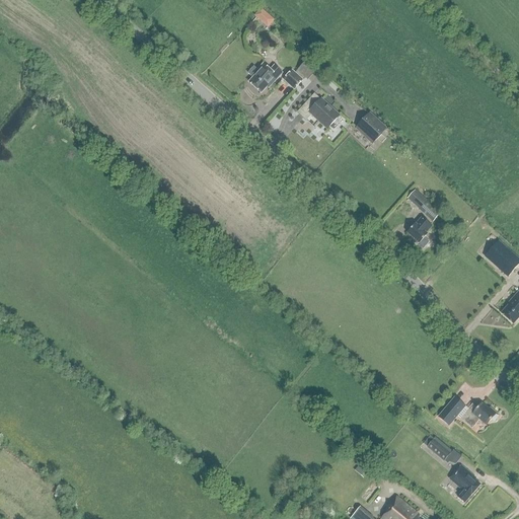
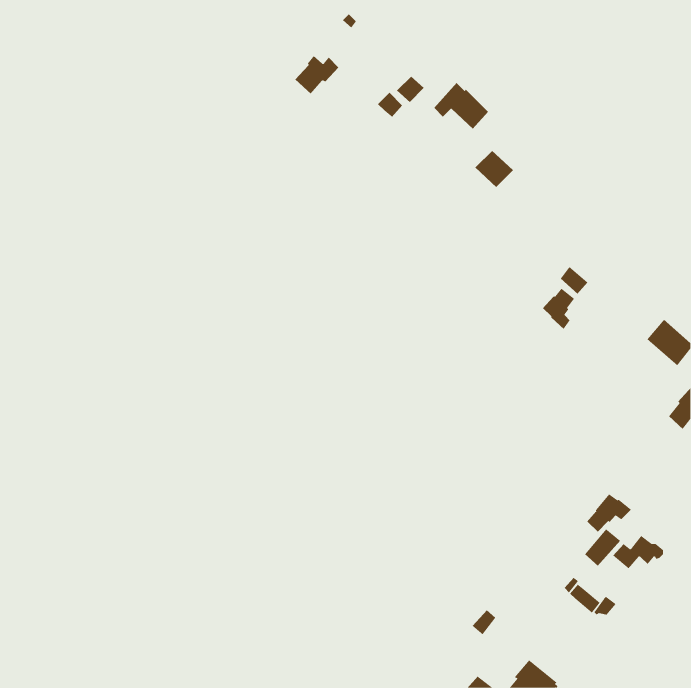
building: [248,63,282,92] -> [295,55,339,94]
building: [297,92,339,128] -> [433,82,489,130]
building: none -> [587,494,632,533]
building: [448,463,479,501] -> none

